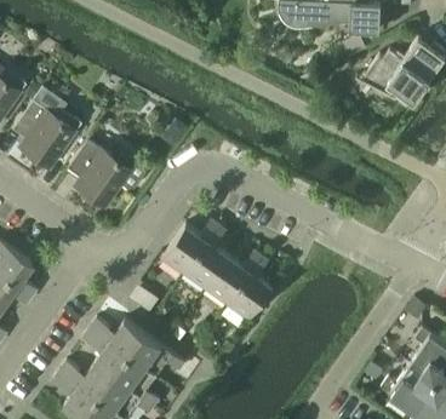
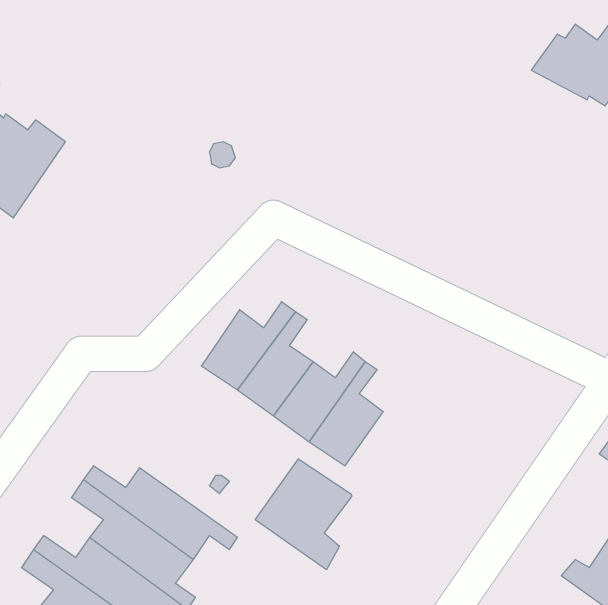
building: [67,142,144,211] -> none
building: none -> [255,459,352,570]

